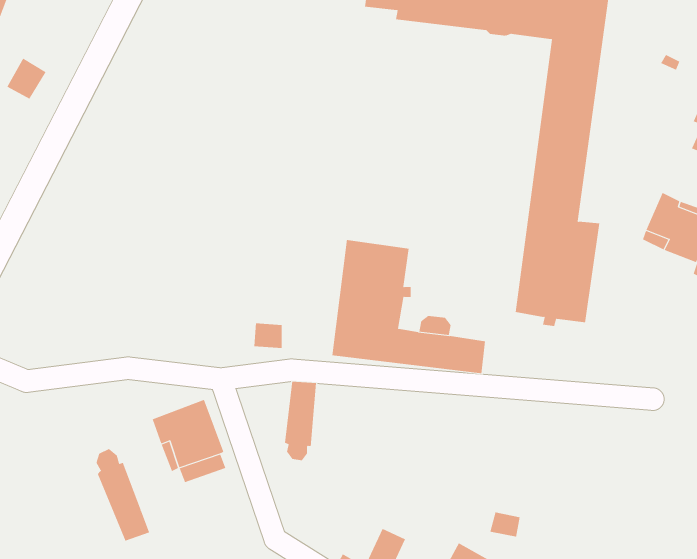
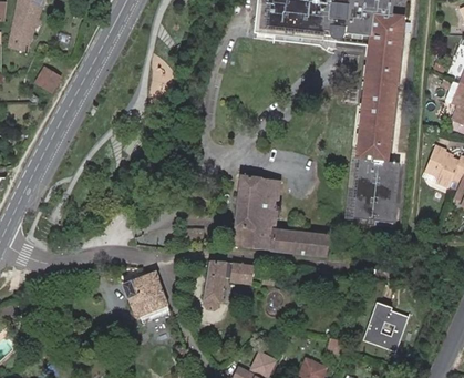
building: none -> [224,263,254,282]
building: none -> [367,302,411,353]
building: [96,448,150,542] -> none

